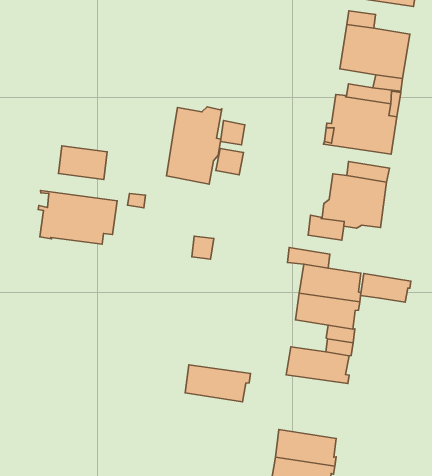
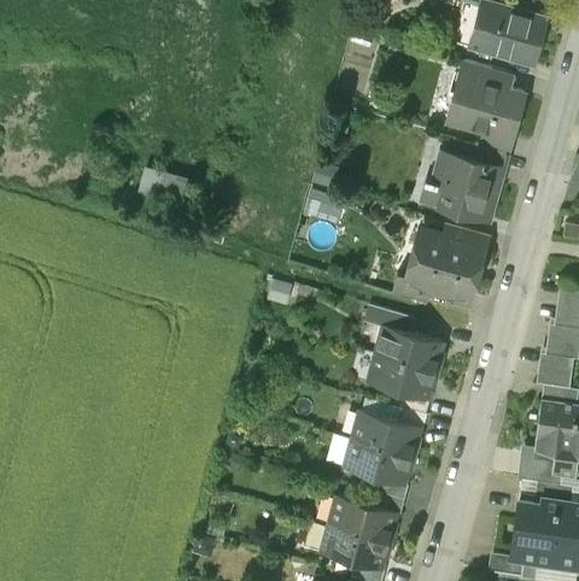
building: [167,107,222,184] -> none
building: [38,191,117,244] -> none
building: [361,274,411,302] -> none
building: [185,365,250,402] -> [344,440,415,486]

